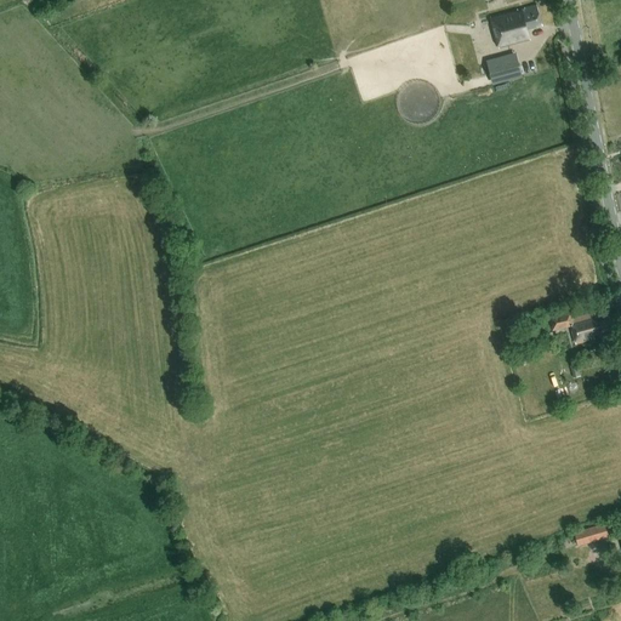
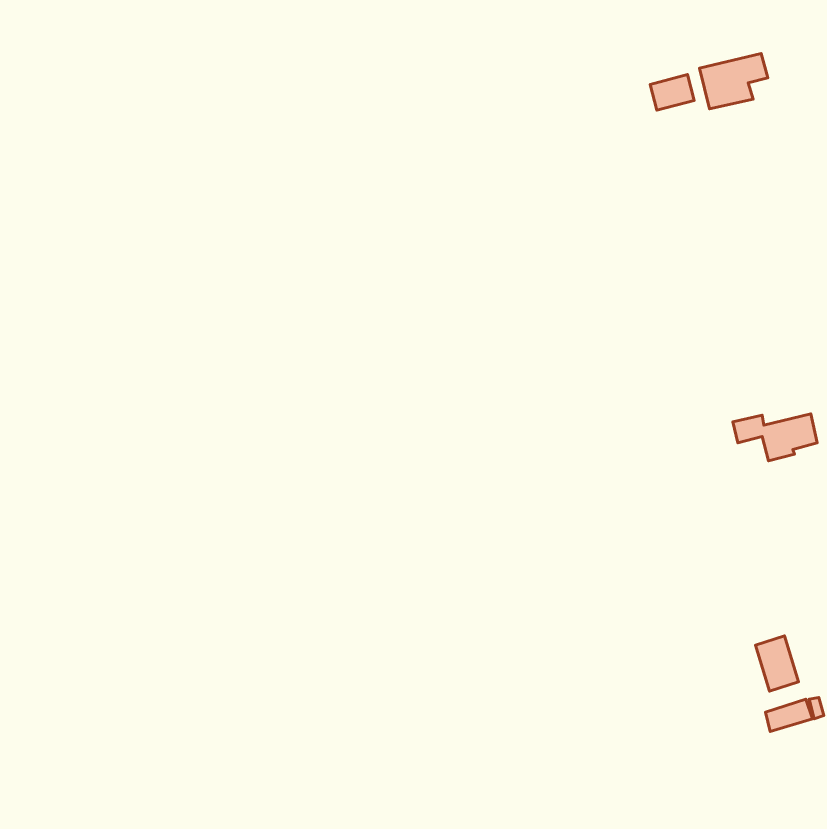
building: [490,6,541,47] -> [700,54,768,109]
building: none -> [755,636,799,691]

